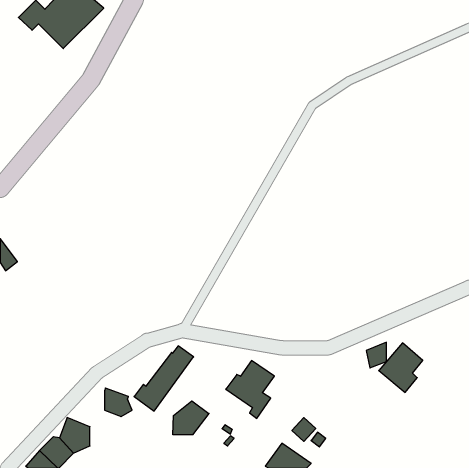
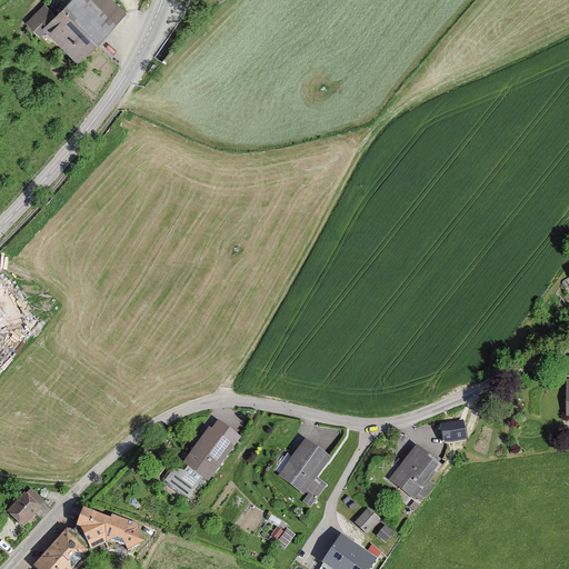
building: [379,343,423,392] -> [388,443,441,503]
building: [105,388,132,417] -> [109,513,142,548]
building: [173,401,209,435] -> none
building: none -> [6,488,42,527]

